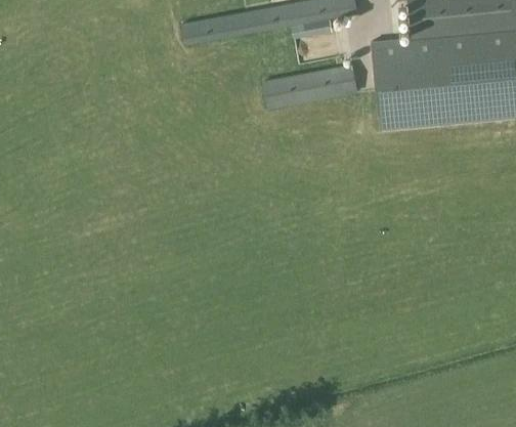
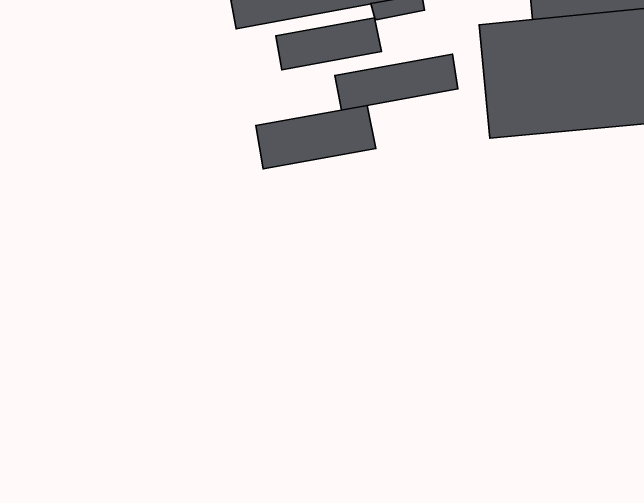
building: none -> [276,18,382,70]
building: none -> [256,106,376,169]

